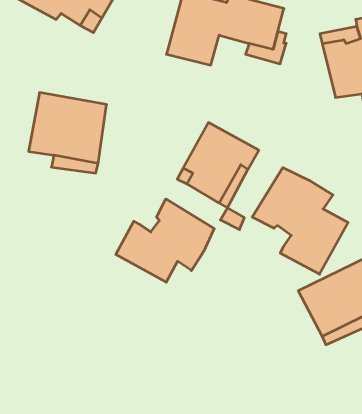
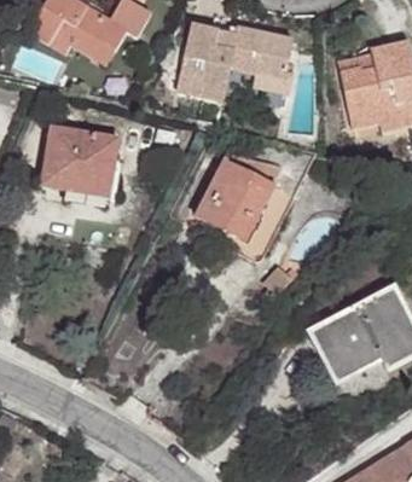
building: [252,168,348,274] -> none
building: [116,199,214,282] -> none

